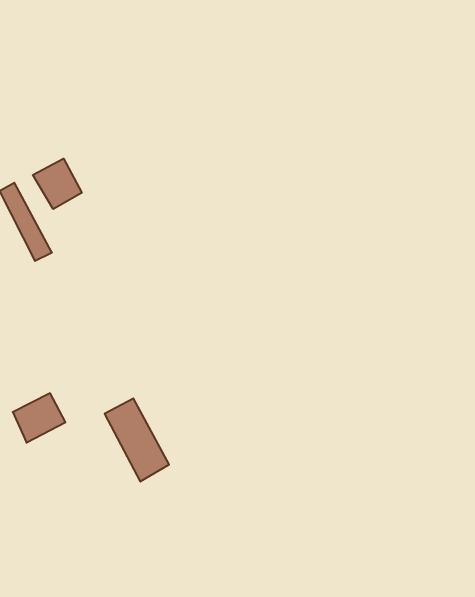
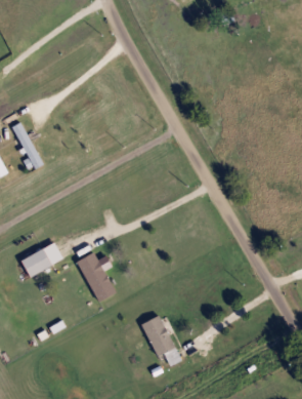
building: [33,159,82,209] -> none
building: none -> [141,315,175,356]

